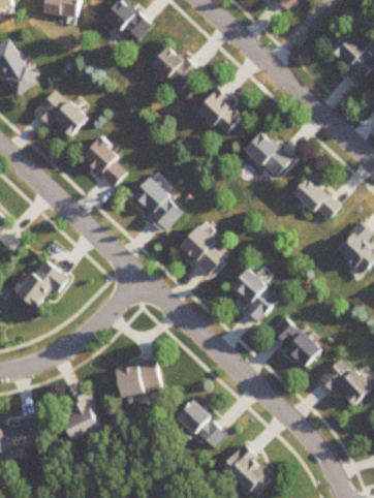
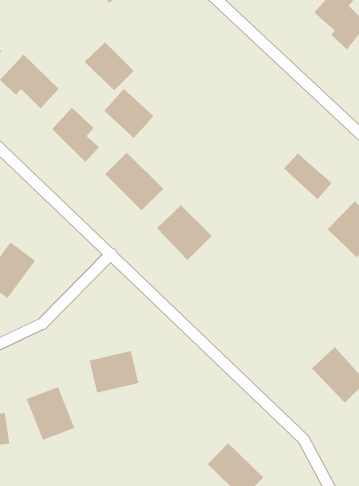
building: [152,44,198,90] -> [84,42,134,91]
building: [198,89,245,135] -> [104,88,154,139]
building: [245,131,290,178] -> none
building: [229,269,278,322] -> none
building: [269,315,322,368] -> none
building: [177,399,226,449] -> none

